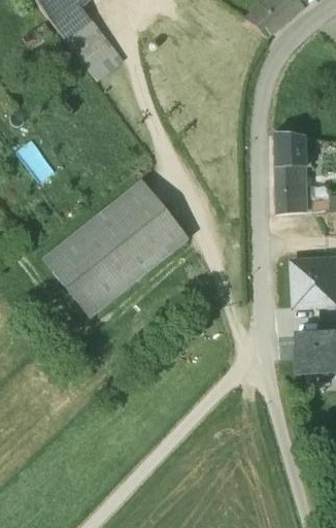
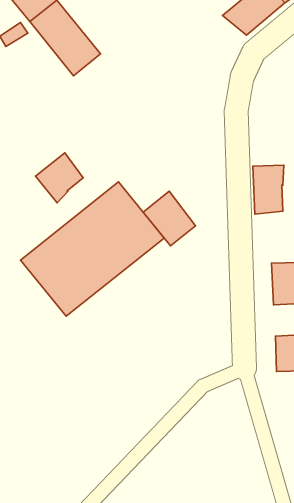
building: [273,131,310,166] -> none
building: none -> [36,153,83,203]
building: none -> [143,191,196,246]

